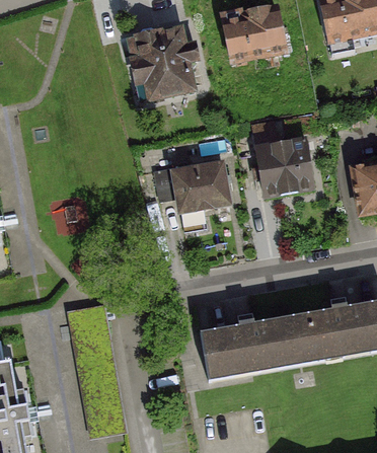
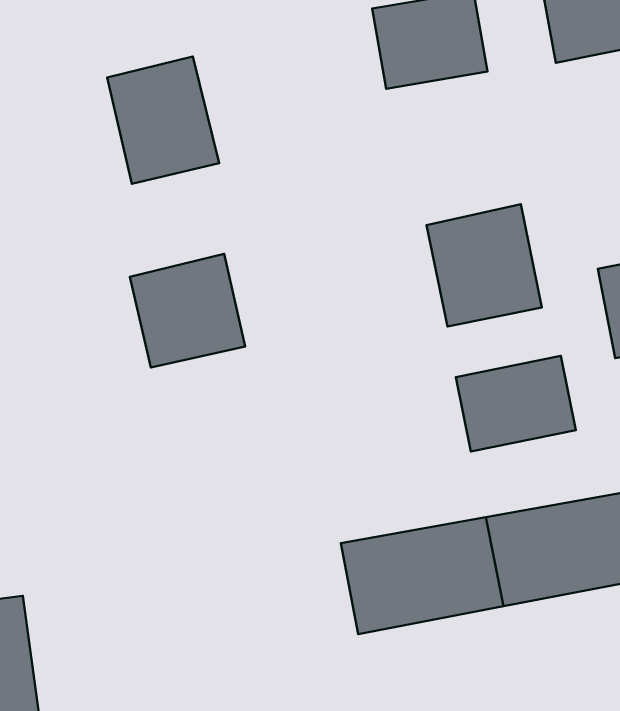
building: [132,25,197,99] -> [107,56,219,184]
building: [168,157,235,223] -> [130,254,245,368]
building: none -> [456,356,576,452]

